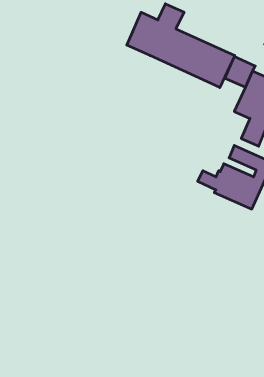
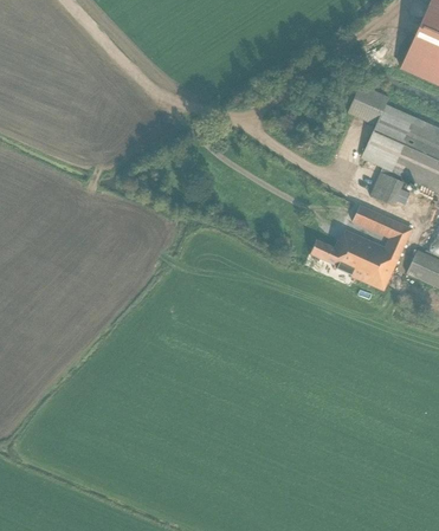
building: [127,4,235,88] -> none

